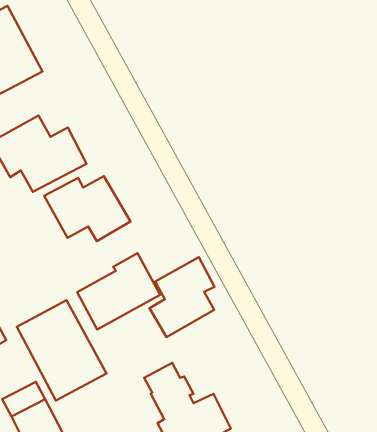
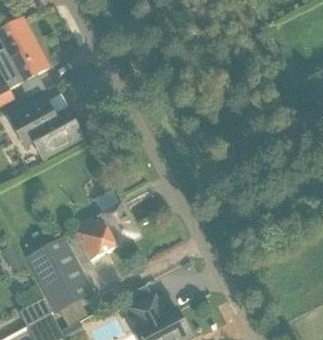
building: [44,176,130,241] -> none
building: [149,257,214,337] -> none

